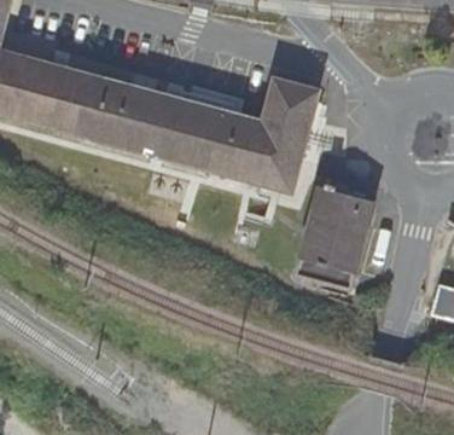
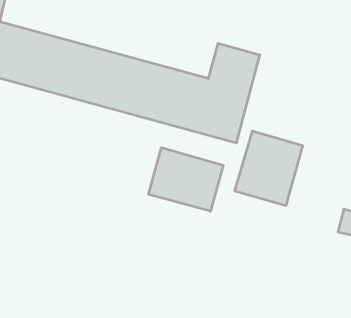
building: none -> [148,148,223,211]

